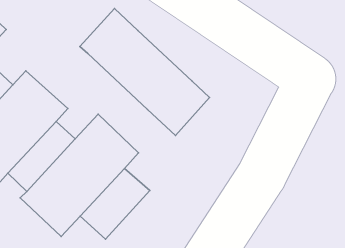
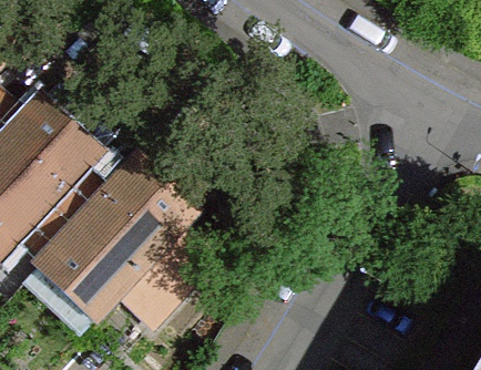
building: [80,9,210,136] -> none

